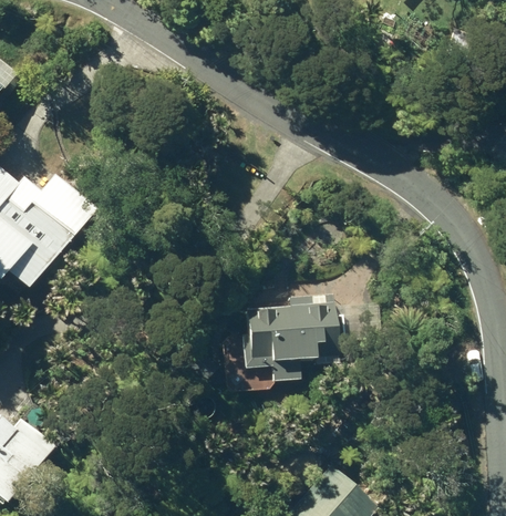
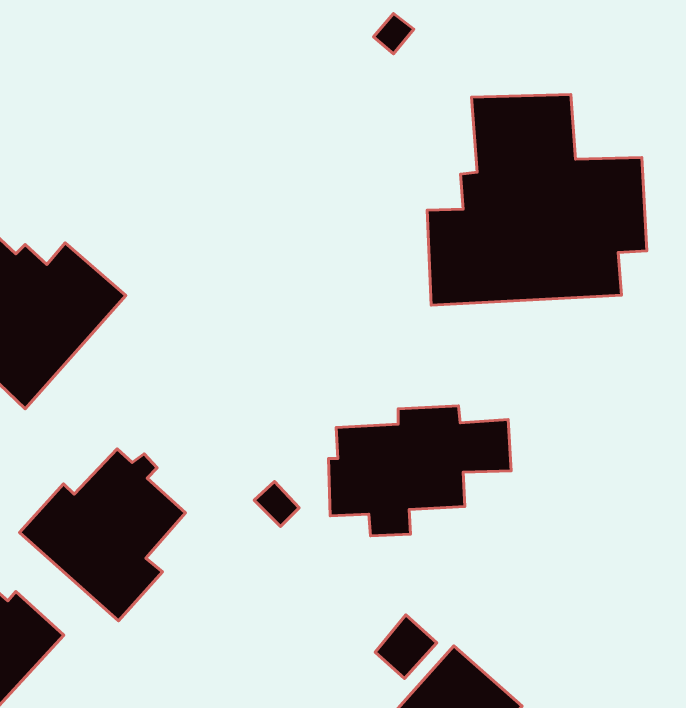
building: none -> [427,94,647,305]
building: none -> [19,449,185,621]

